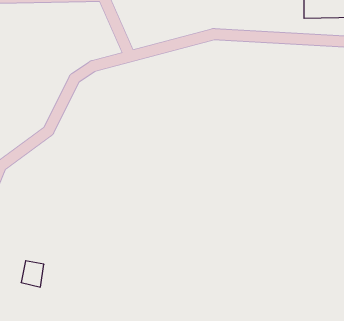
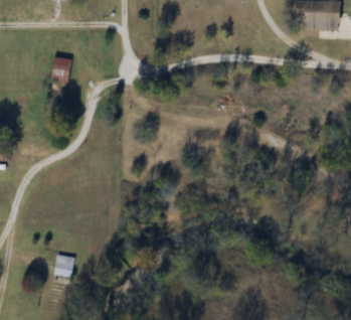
building: none -> [51,56,71,82]

